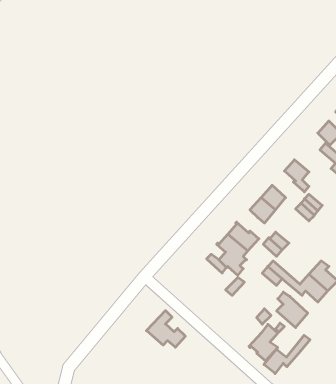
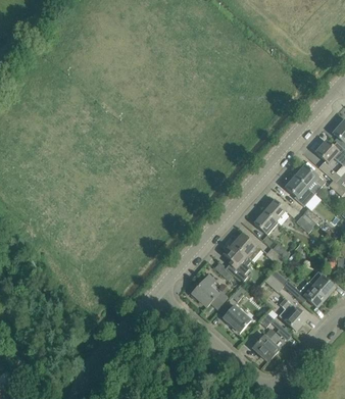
building: none -> [294,165,325,194]
building: none -> [221,305,250,333]
building: [146,311,185,347] -> [191,275,227,308]
building: [264,335,310,374] -> none

